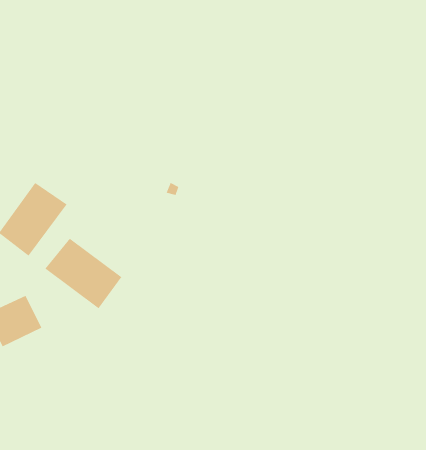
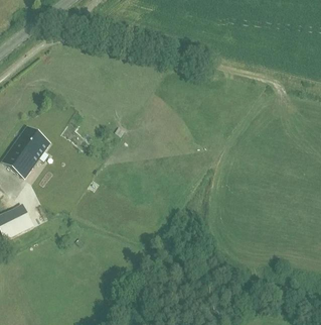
building: [45,238,122,309] -> none

